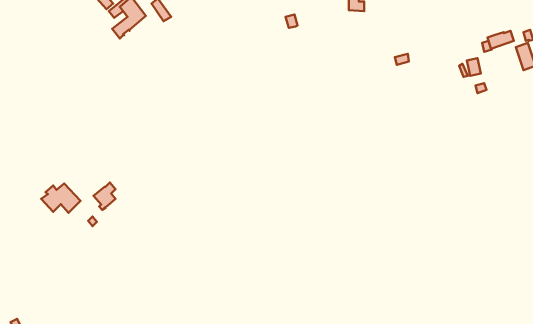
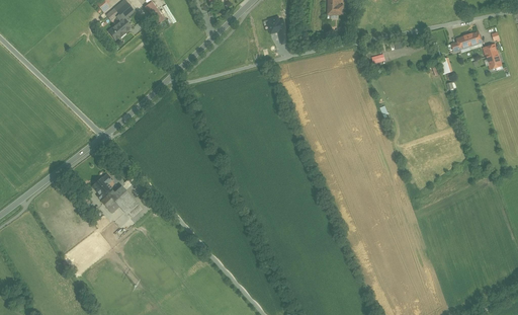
building: [41,183,80,213] -> [101,186,138,214]

